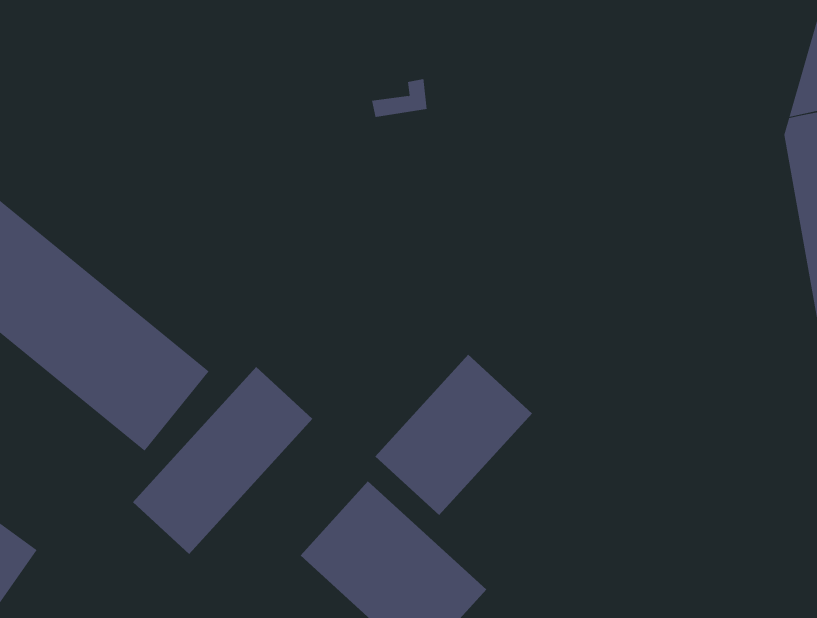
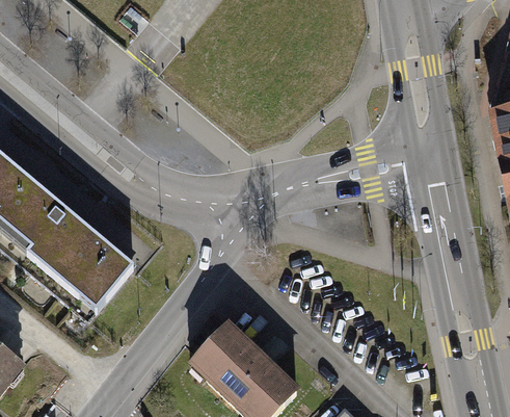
building: [375,354,533,516] -> none
building: [132,366,313,555] -> none

